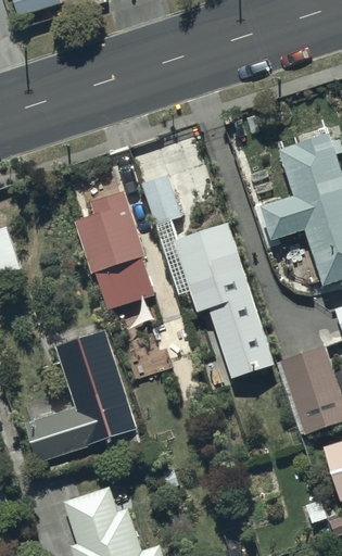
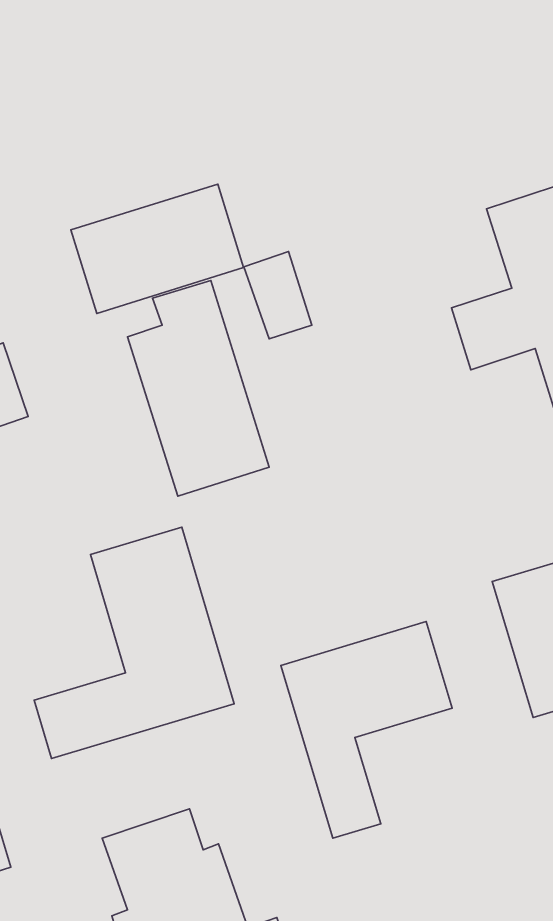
building: none -> [71,184,244,313]
building: [173,222,273,377] -> none
building: none -> [281,622,452,838]

